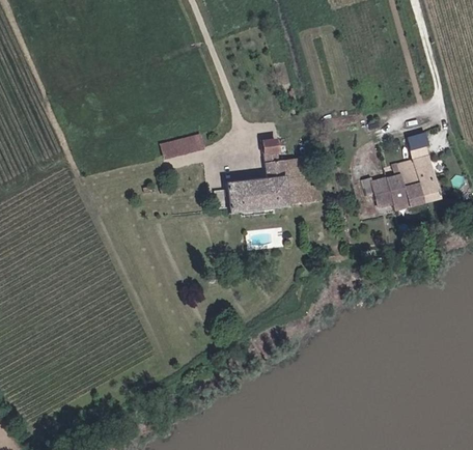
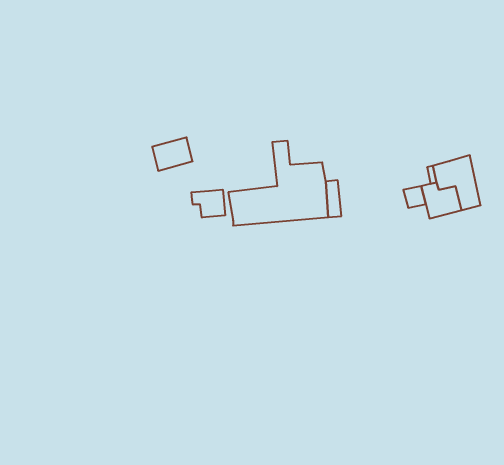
building: [407,130,430,157] -> none
building: none -> [191,190,225,218]

